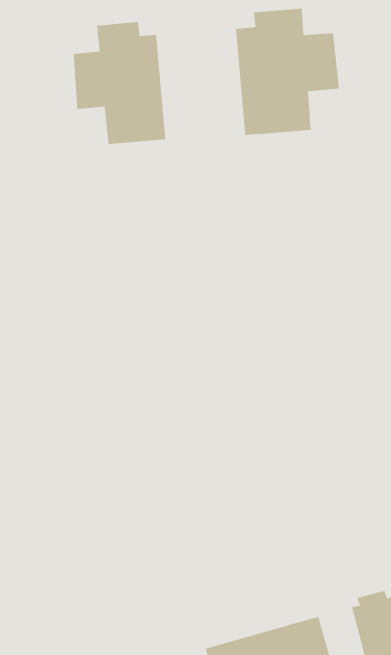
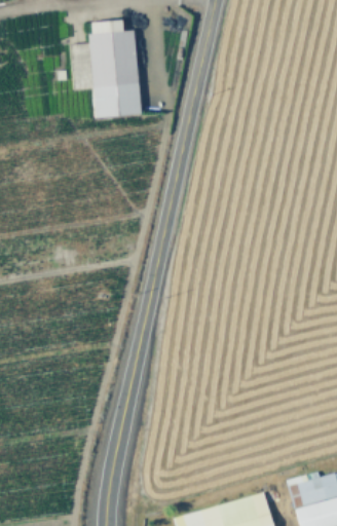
building: [236,8,339,136] -> none

